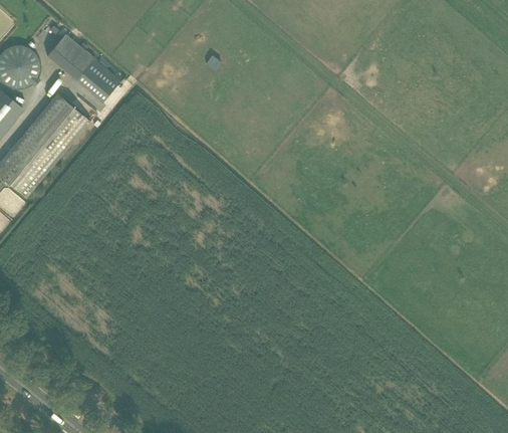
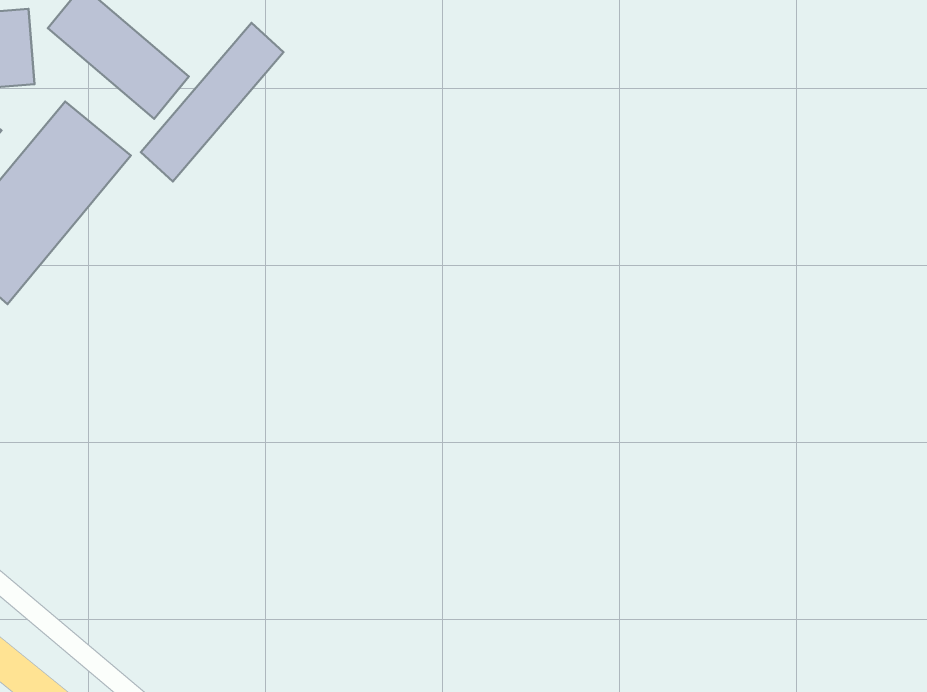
building: none -> [141,23,283,181]

